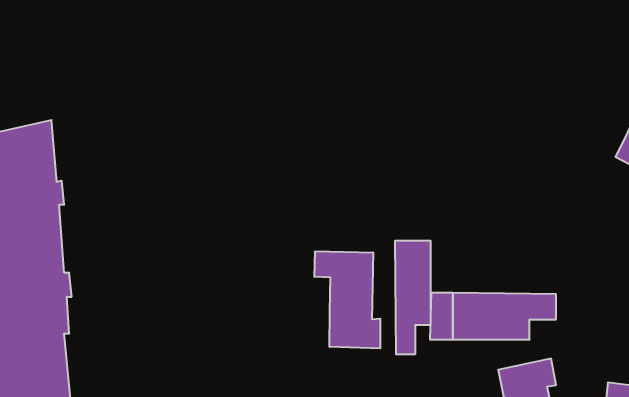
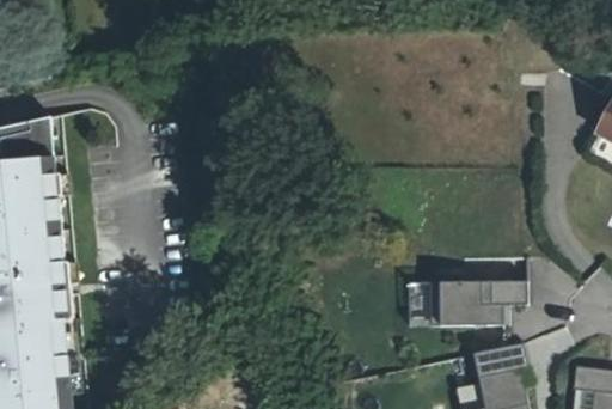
building: [395,241,430,354] -> none
building: [315,251,380,348] -> none

